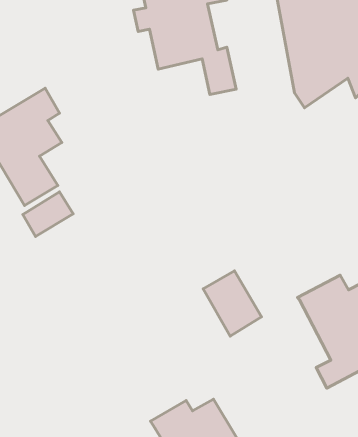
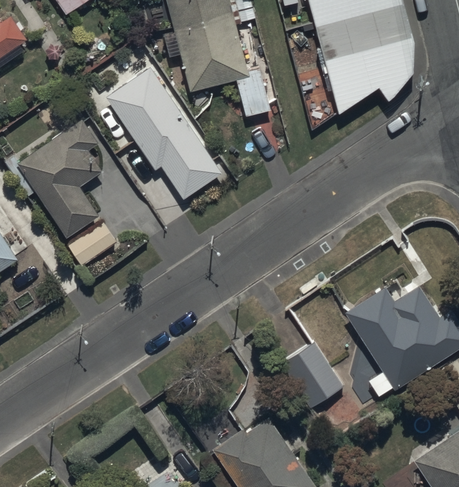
building: none -> [103,69,222,199]
building: [203,271,262,336] -> [284,342,344,407]

